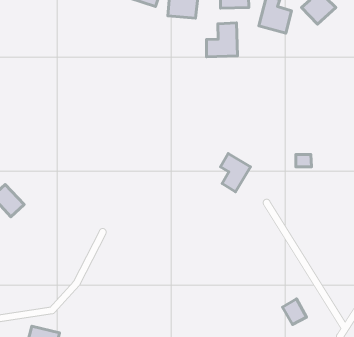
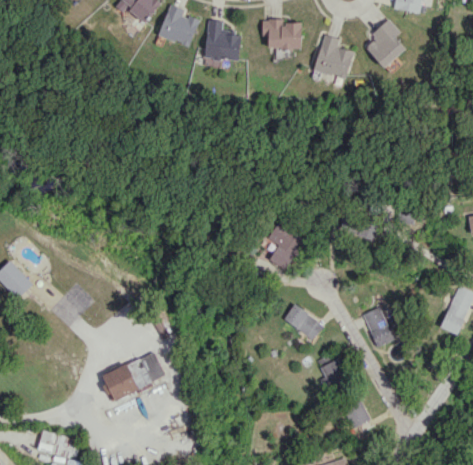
building: [207,23,237,57] -> none
building: none -> [283,304,324,340]
building: none -> [363,307,394,347]
building: none -> [100,352,164,403]
building: none -> [320,358,348,384]

